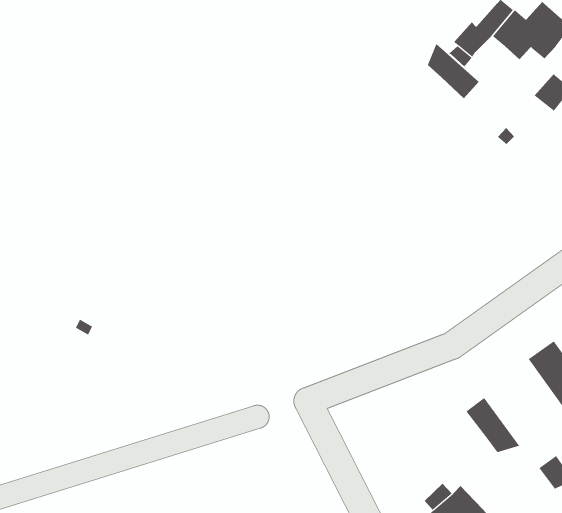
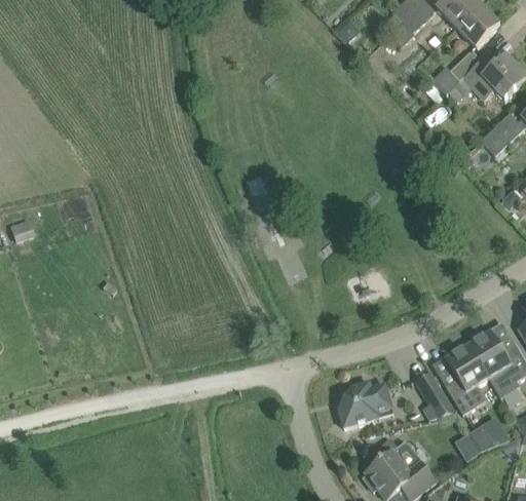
building: [427,43,480,99] -> none
building: none -> [445,343,489,414]
building: none -> [339,381,392,427]

